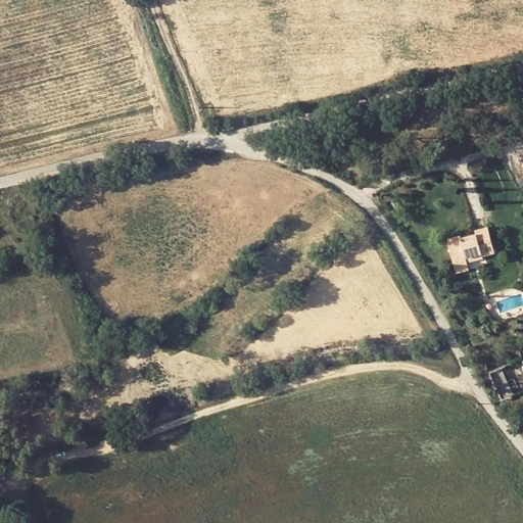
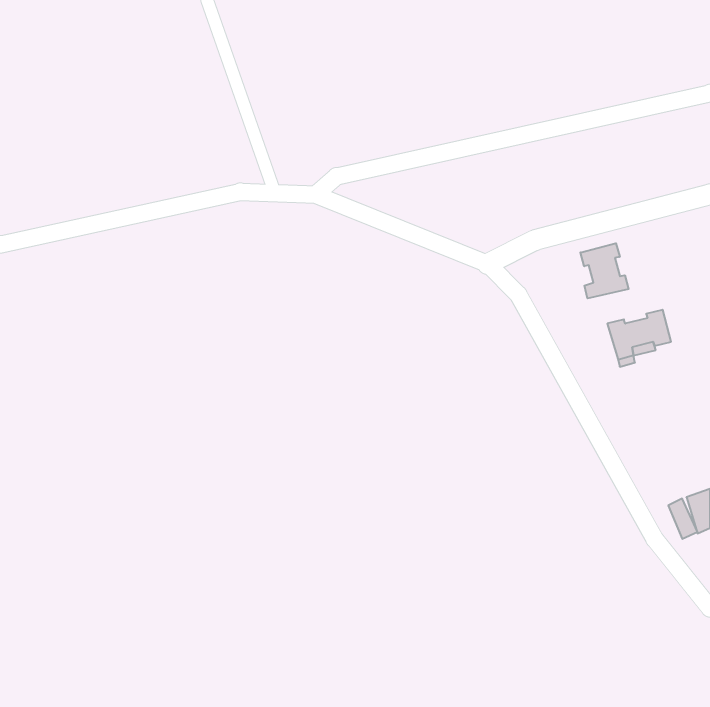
building: none -> [580,243,629,298]

